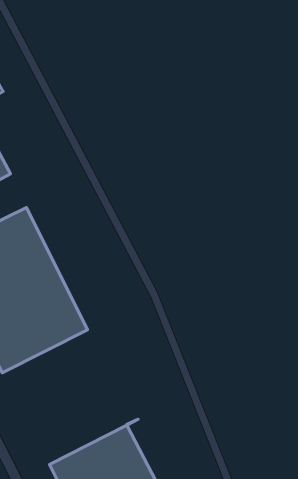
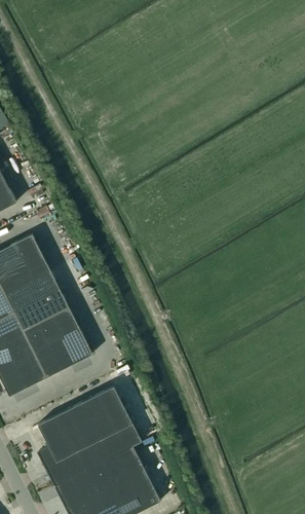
building: none -> [37,386,141,485]

